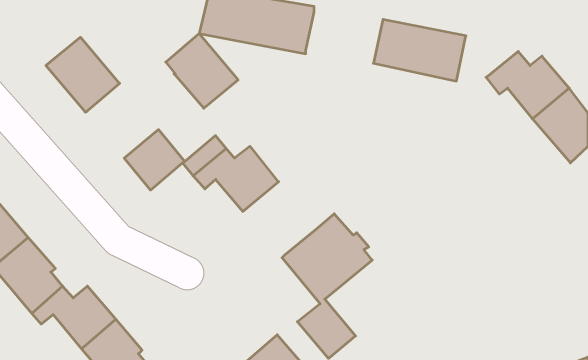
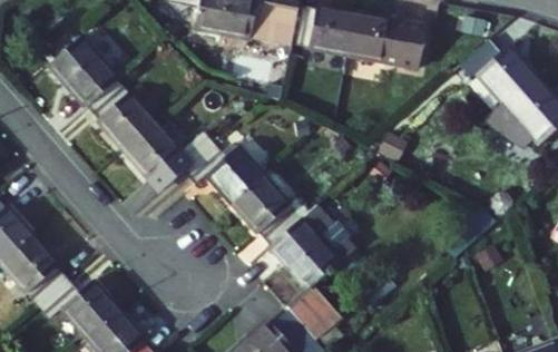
building: none -> [291,12,363,61]
building: [166,34,238,108] -> [85,80,153,150]
building: none -> [232,173,302,242]

